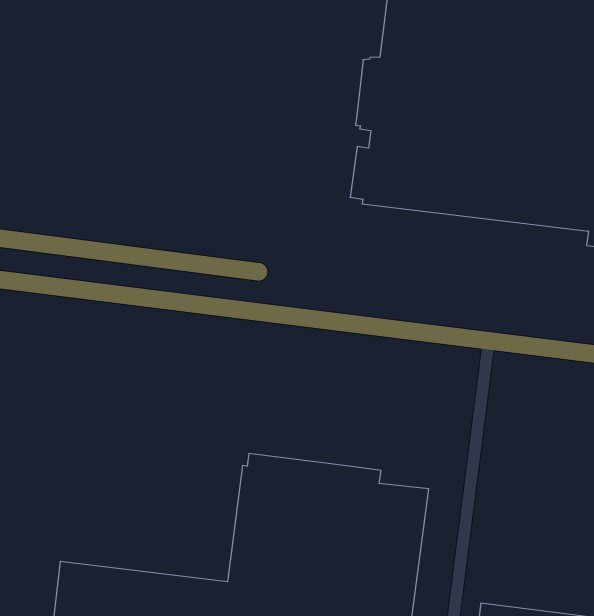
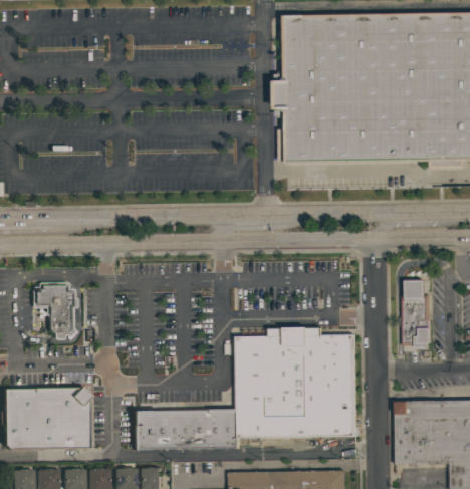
building: none -> [401,280,431,348]

